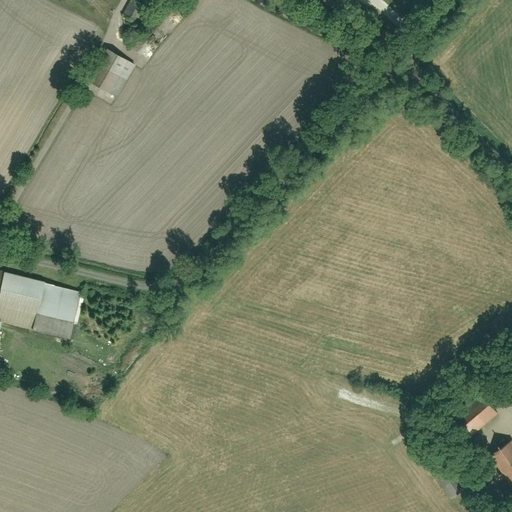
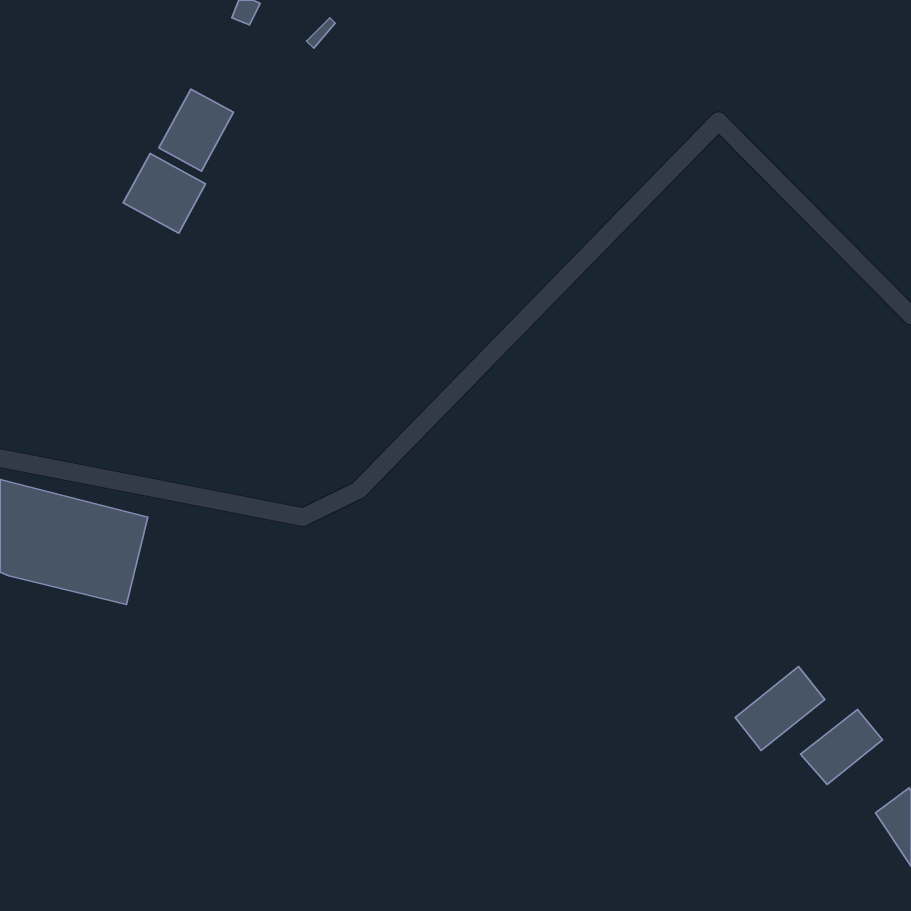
building: none -> [123,154,206,233]
building: none -> [735,666,825,750]

